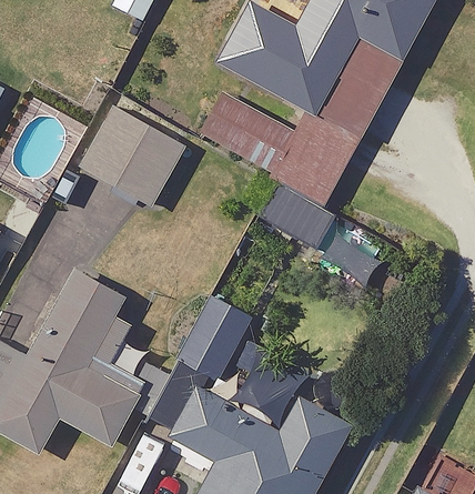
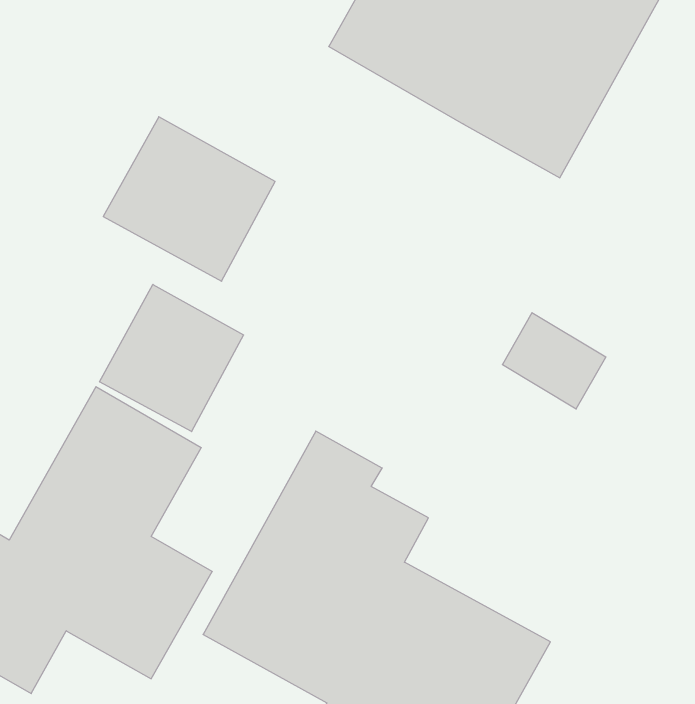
building: [199,89,356,255] -> none
building: none -> [100,284,244,432]

